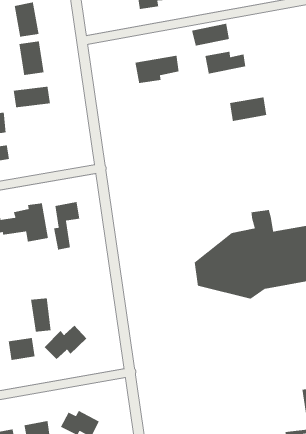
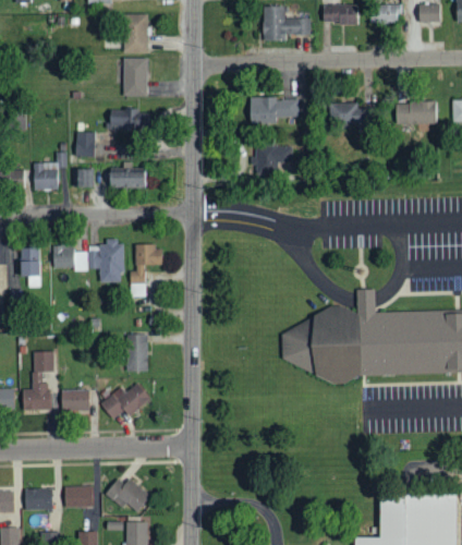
building: [191,23,230,47] -> none
building: [229,96,267,122] -> [397,101,437,124]
building: none -> [256,144,293,172]
building: none -> [109,171,146,187]
building: [30,298,52,332] -> [129,332,148,372]

